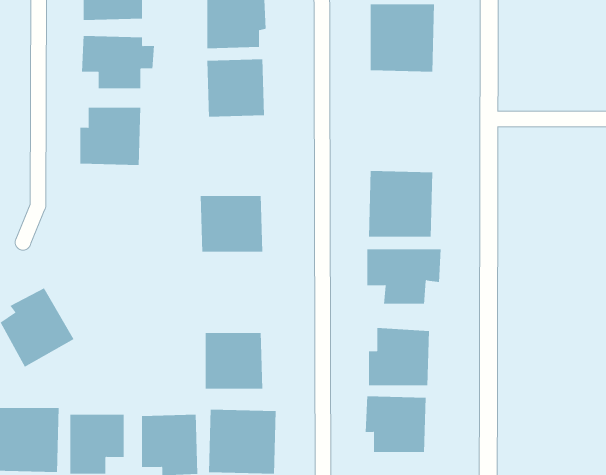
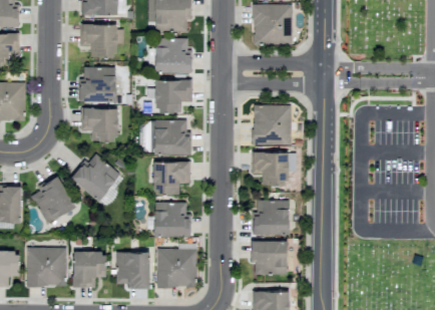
building: none -> [147,79,191,112]
building: none -> [81,107,118,141]
building: none -> [72,152,120,201]
building: none -> [153,162,189,195]

